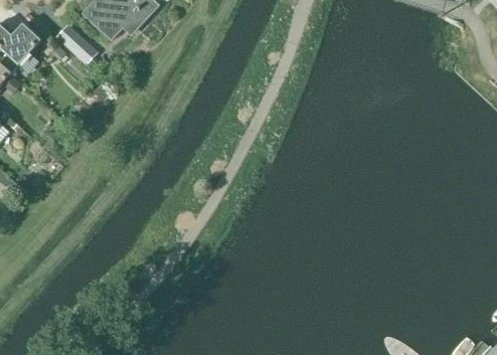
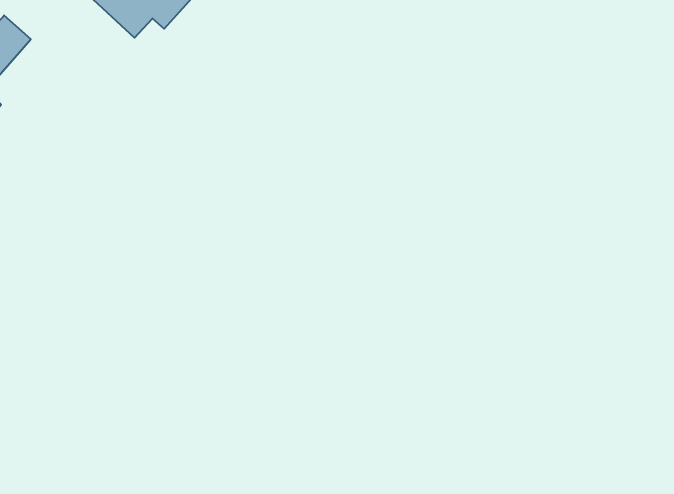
building: [57,22,100,62] -> none

